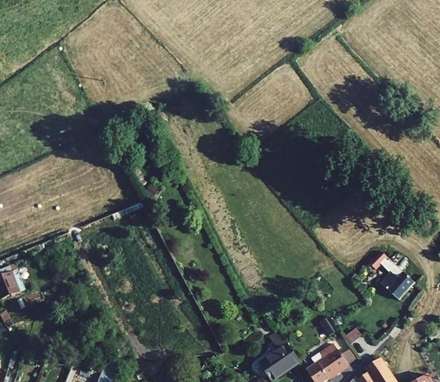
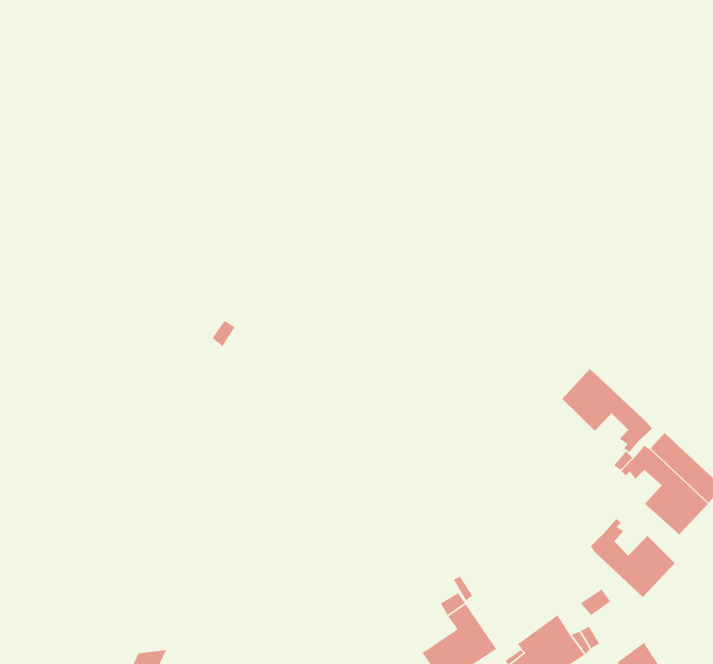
building: none -> [561,368,653,453]
building: none -> [590,518,676,598]

